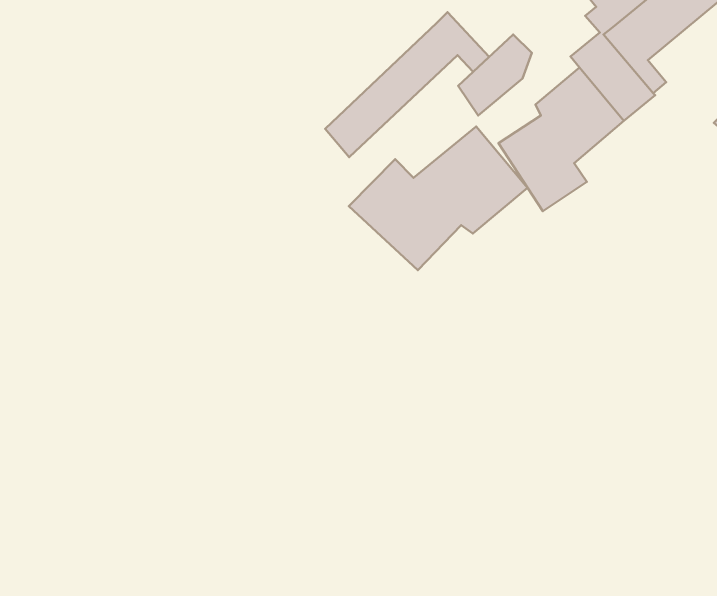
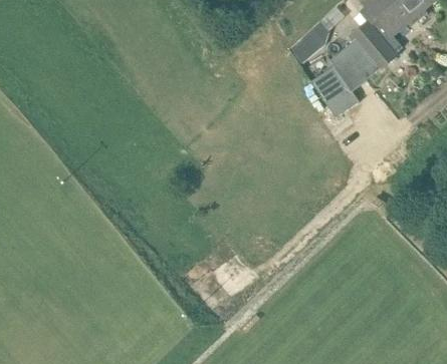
building: [325,12,489,157] -> none
building: [349,126,528,270] -> none

